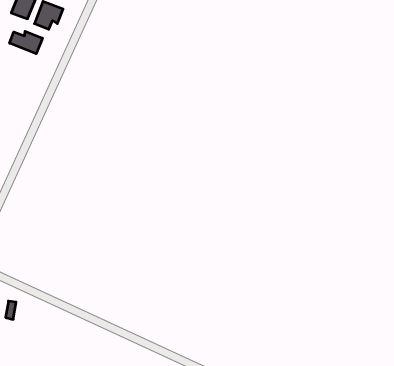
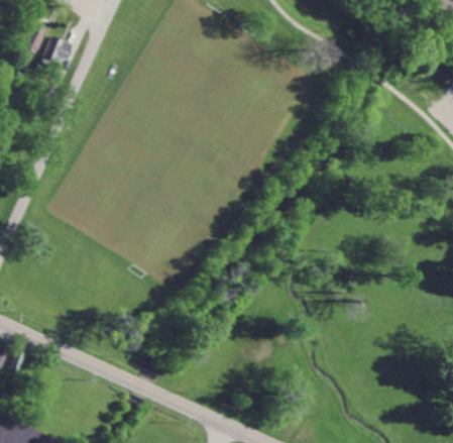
building: [10,31,42,54] -> none

